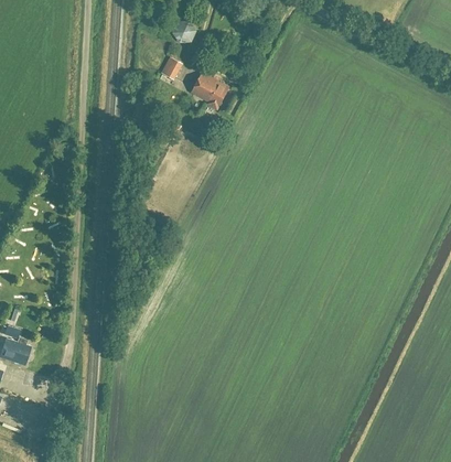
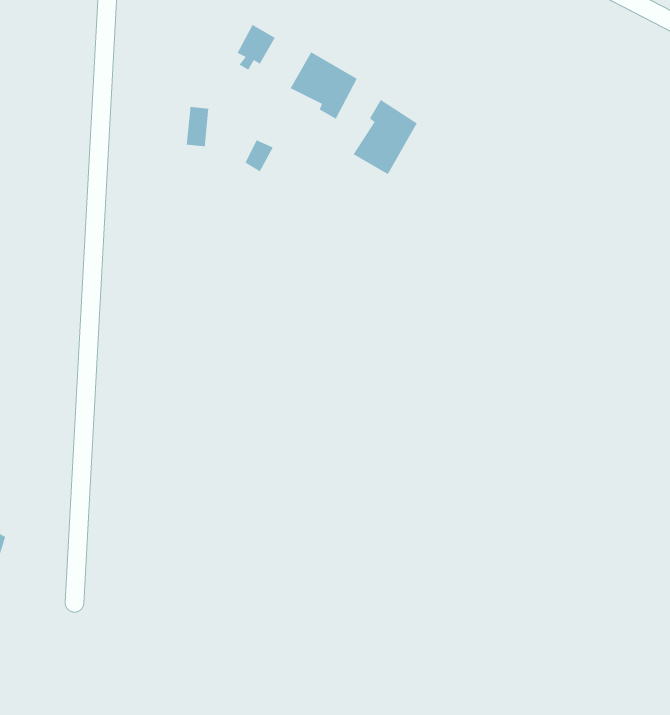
building: none -> [352,99,418,175]

